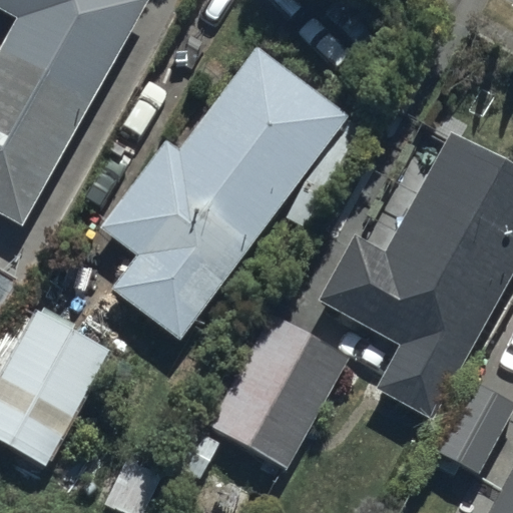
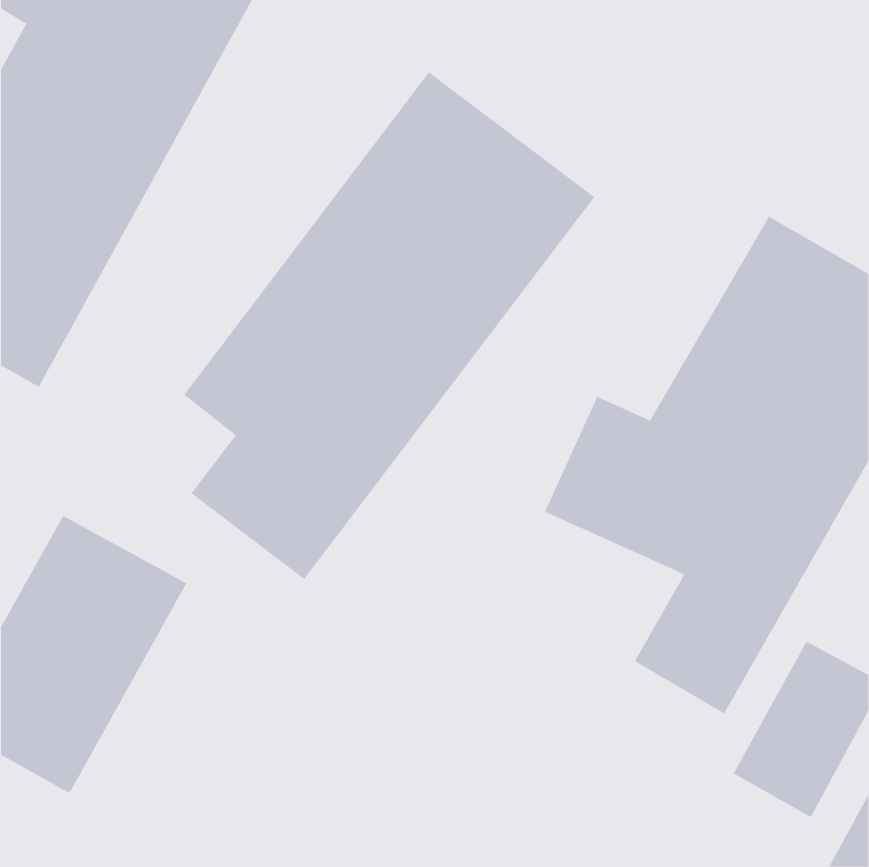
building: [208,312,352,473] -> none

